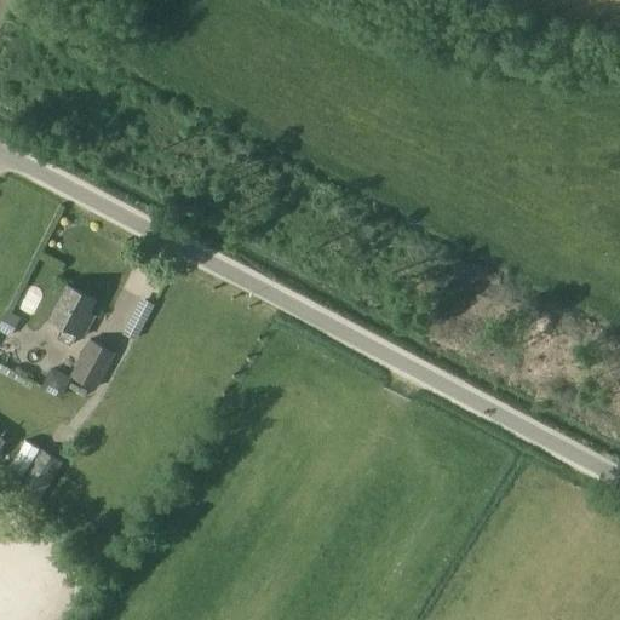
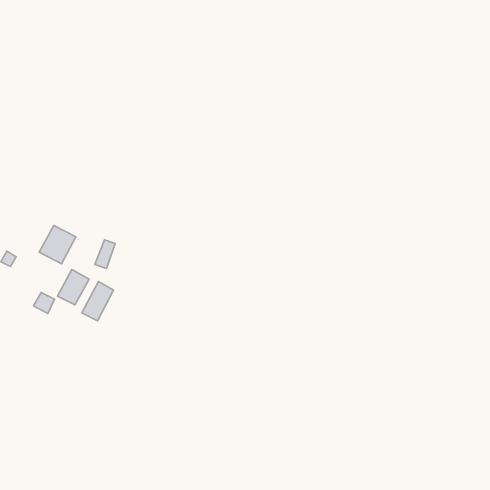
building: none -> [82,282,113,321]
building: [16,450,61,503] -> none

